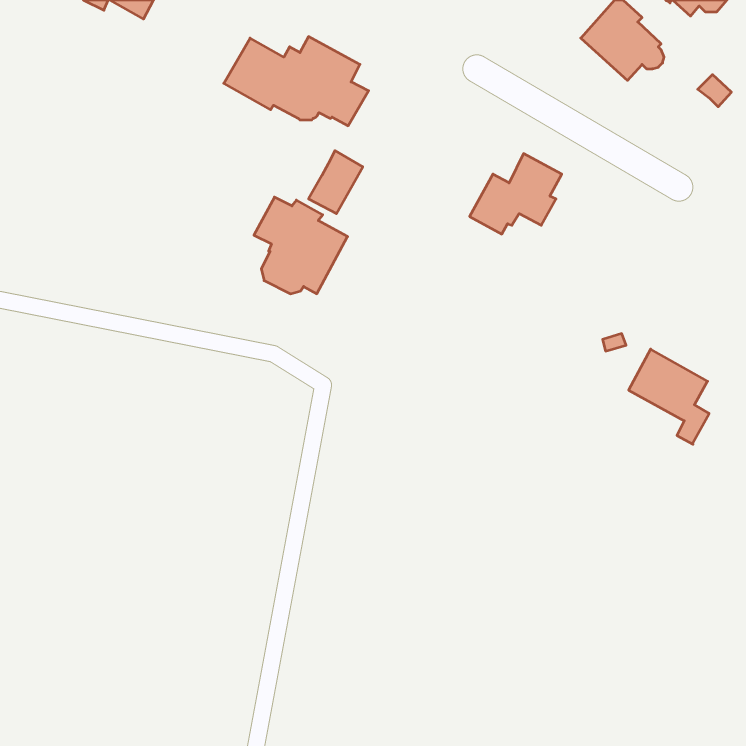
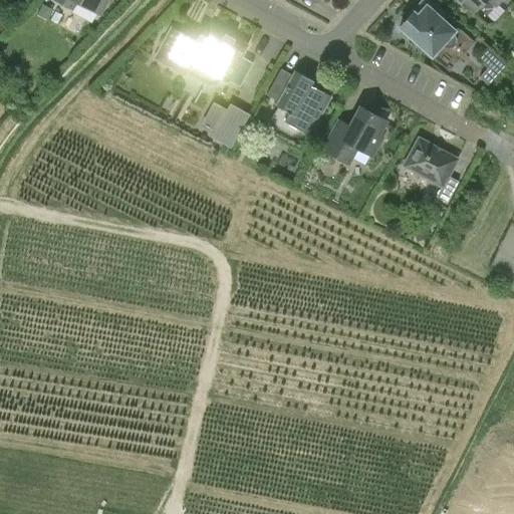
building: [254,197,348,294] -> [267,69,331,136]
building: [629,349,709,444] -> [404,138,459,203]

